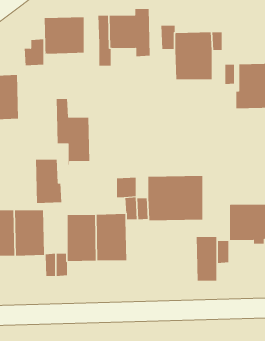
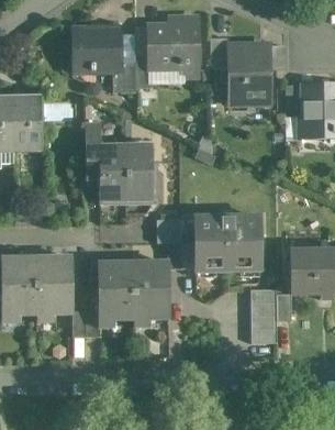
building: [24,39,44,66] -> [112,59,136,91]
building: [35,159,62,203] -> [125,146,157,199]

